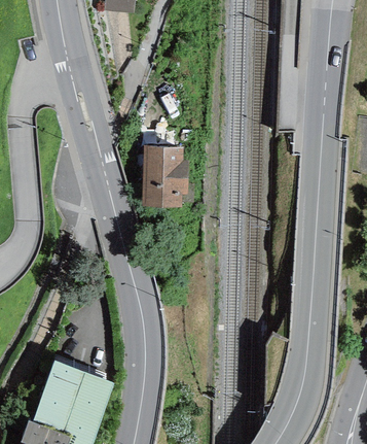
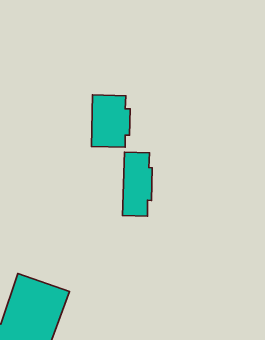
building: none -> [122,152,152,216]

